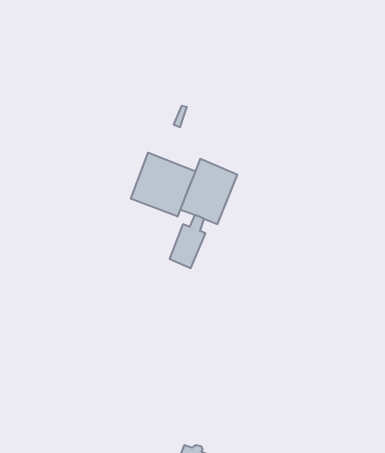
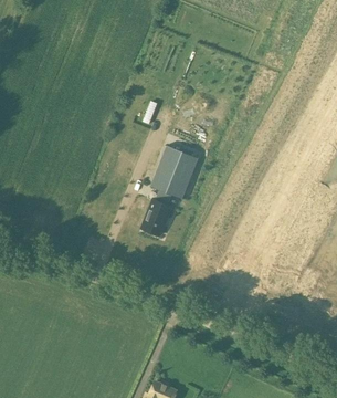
building: [131,153,195,217] -> none

